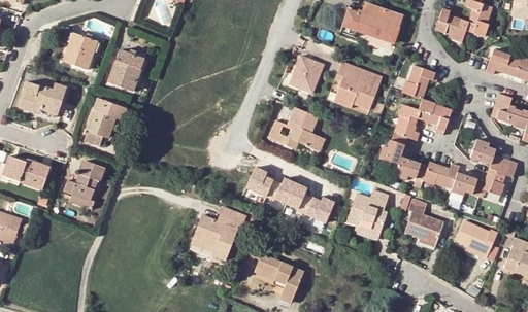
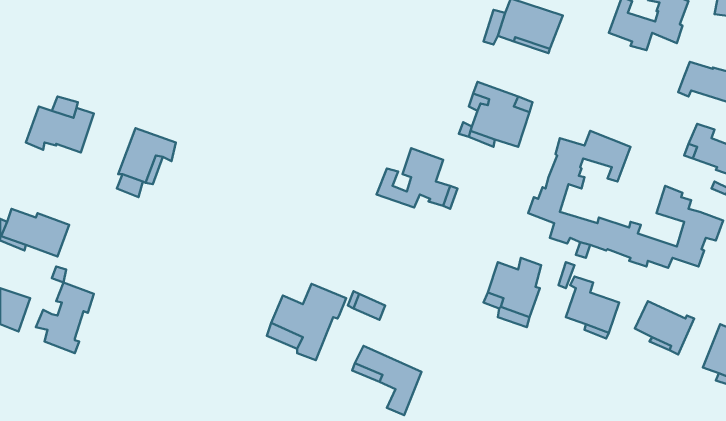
building: [62,30,103,69] -> none
building: [108,48,143,91] -> none
building: [290,60,323,97] -> none
building: [400,65,438,99] -> none
building: [63,160,104,210] -> [36,282,94,353]
building: [245,168,335,221] -> none

